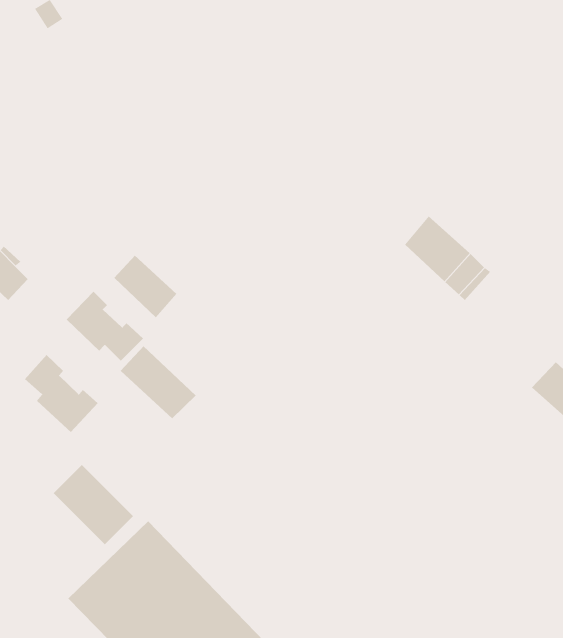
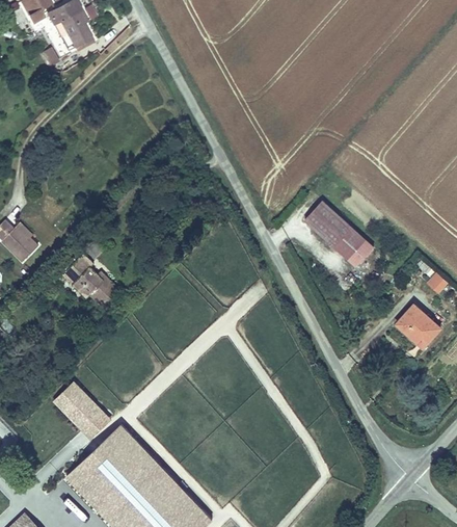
building: [113,255,177,318] -> none
building: [120,345,196,419] -> none
building: [24,354,99,433] -> none

